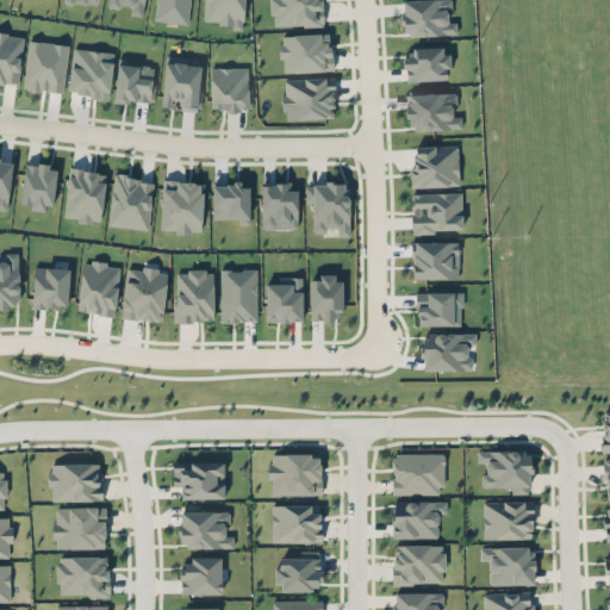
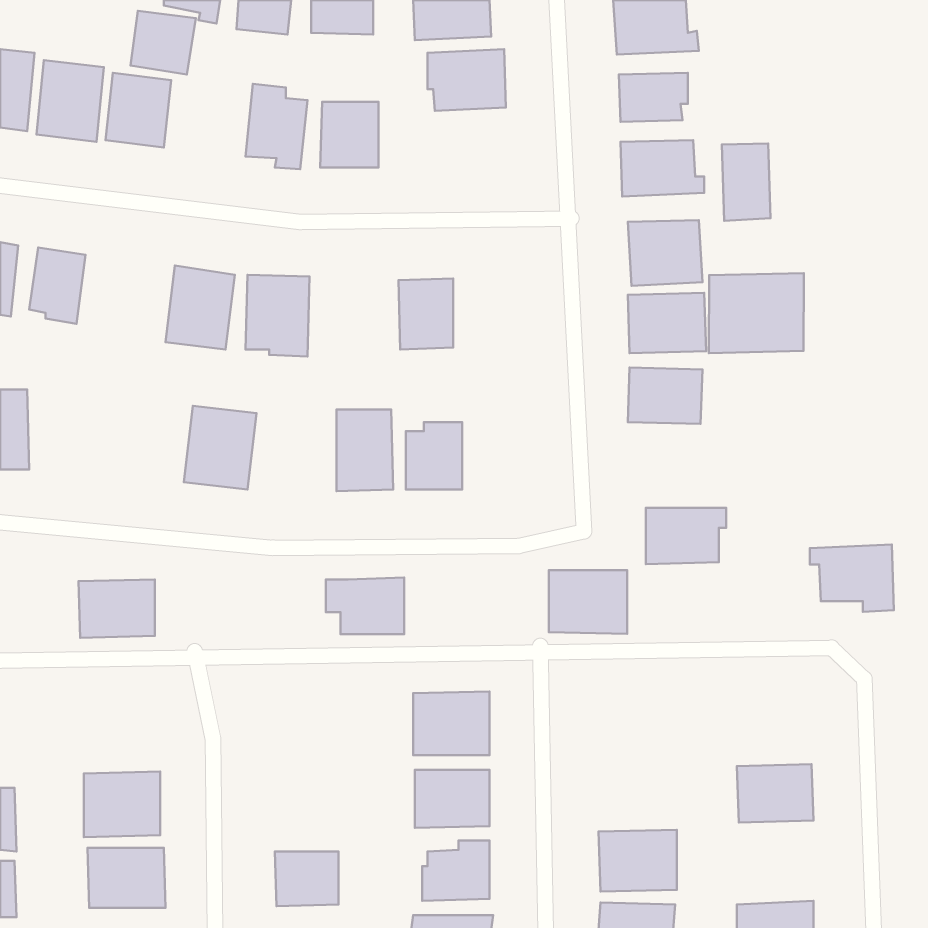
building: [114,63,157,105] -> [130,11,196,75]
building: [285,77,336,120] -> none
building: none -> [722,143,771,221]
building: [66,169,107,223] -> none
building: none -> [709,273,804,353]
building: [306,183,350,236] -> none
building: [213,185,250,220] -> none
building: [79,262,120,316] -> none
building: [33,267,70,309] -> none
building: [175,270,216,323] -> none
building: [310,274,342,322] -> none
building: [417,292,463,326] -> none
building: [478,450,533,494] -> [810,545,894,612]
building: [393,454,444,496] -> [549,570,627,634]
building: [174,462,225,499] -> [326,578,404,634]
building: [51,463,101,502] -> [78,579,155,638]
building: [393,500,448,539] -> none
building: [181,511,235,548] -> none
building: [481,547,536,585] -> none

